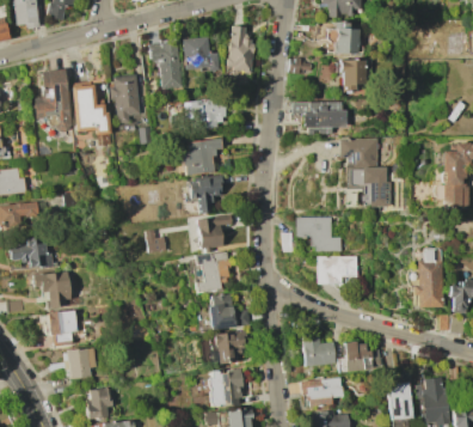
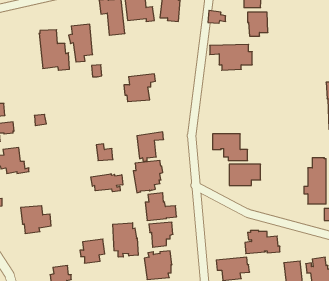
building: [35,68,72,140] -> none
building: [183,98,226,129] -> none
building: [339,138,391,206] -> none
building: [188,175,223,213] -> none
building: none -> [91,174,123,192]
building: [32,272,70,307] -> none
building: none -> [113,223,138,257]
building: [302,337,334,366] -> none
building: [63,347,96,378] -> [80,239,105,263]

